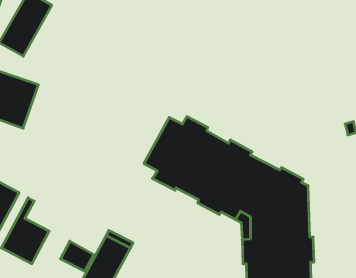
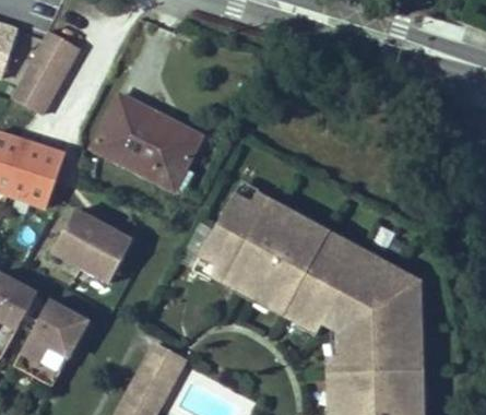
building: none -> [93,94,201,188]
building: none -> [55,205,133,278]
building: [60,241,94,271] -> [45,303,88,342]

